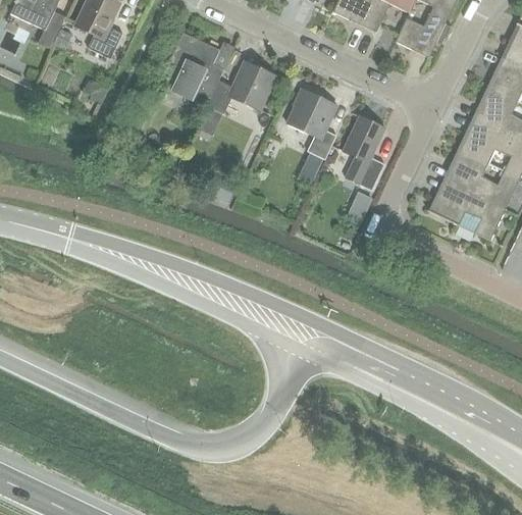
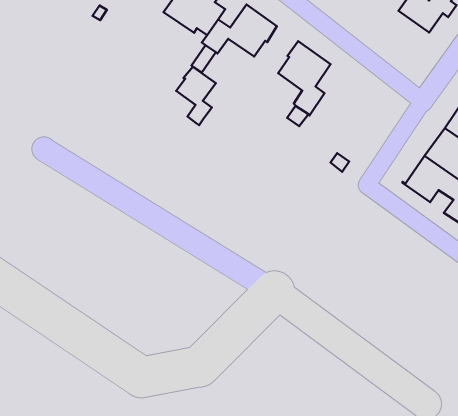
building: [342,115,384,190] -> none
building: none -> [176,67,216,125]

